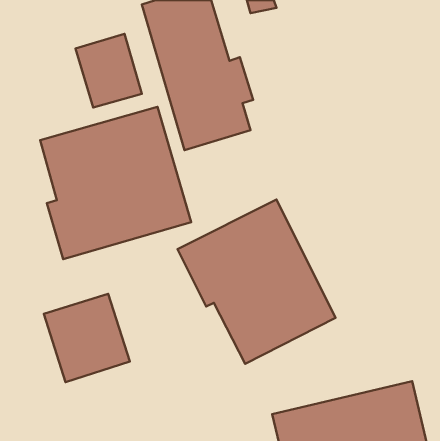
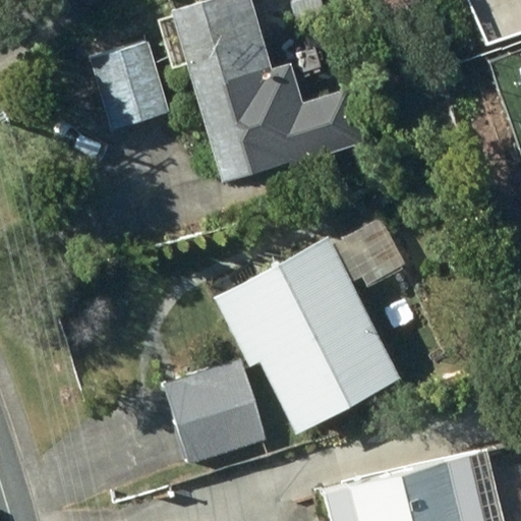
building: [40,107,191,259] -> none
building: [44,294,130,382] -> [167,360,268,464]

